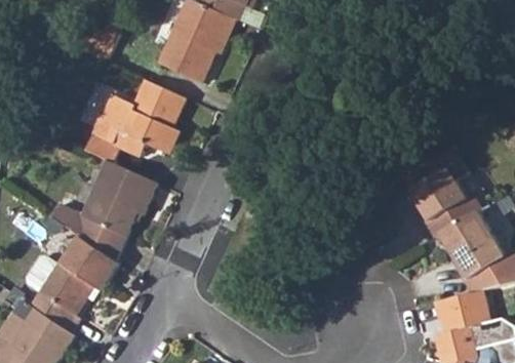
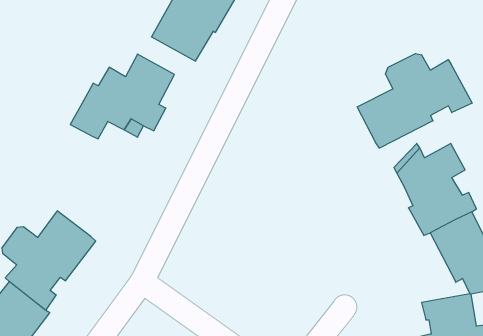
building: none -> [357,54,472,148]
building: [73,161,155,257] -> none

